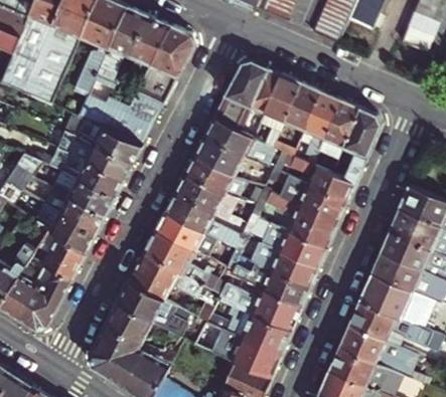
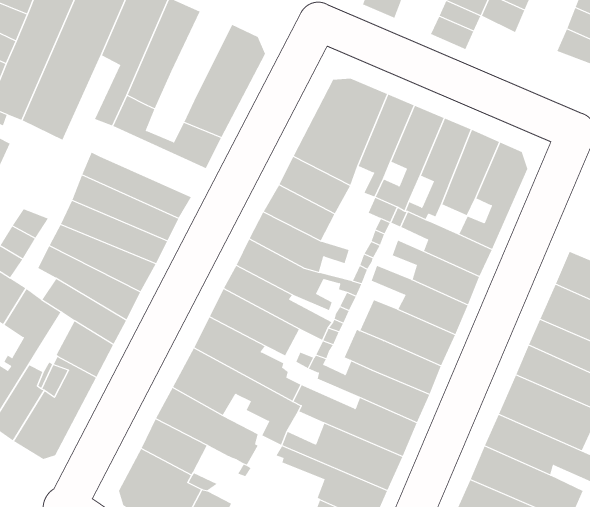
building: [127,15,169,78] -> none
building: [76,96,151,147] -> none

